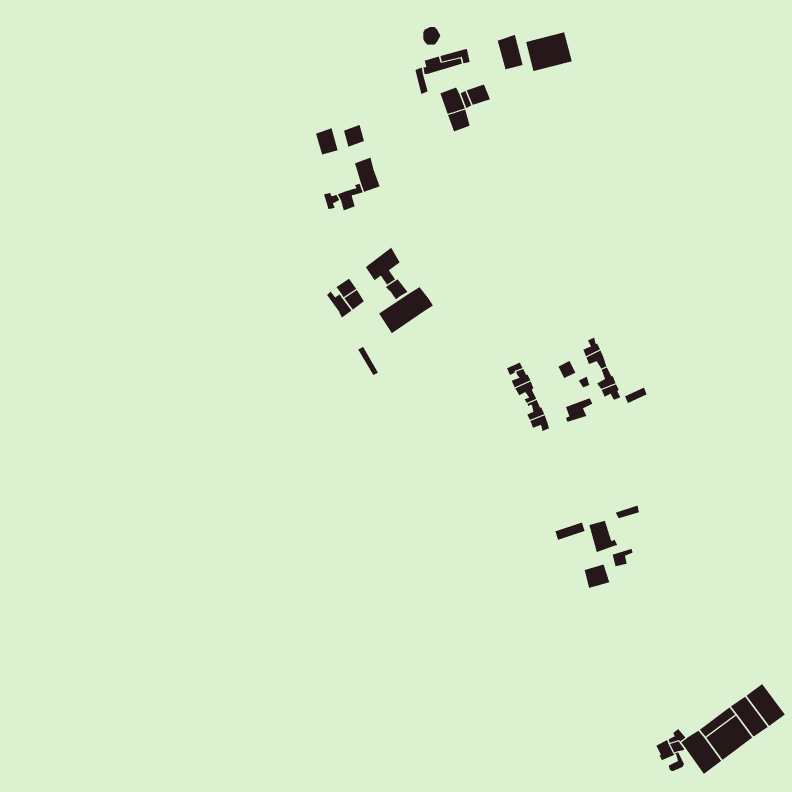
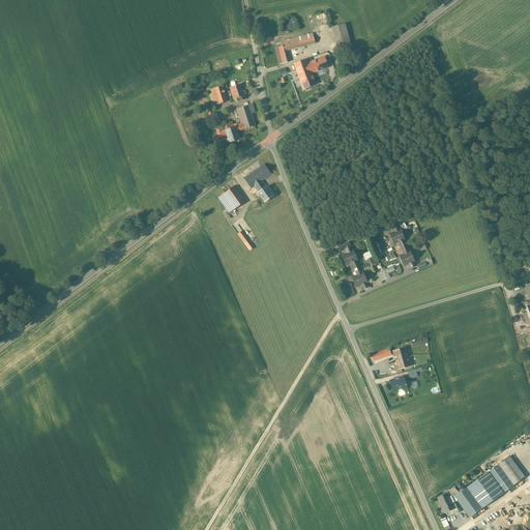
building: [525,32,572,72] -> none
building: [378,286,434,334] -> none

